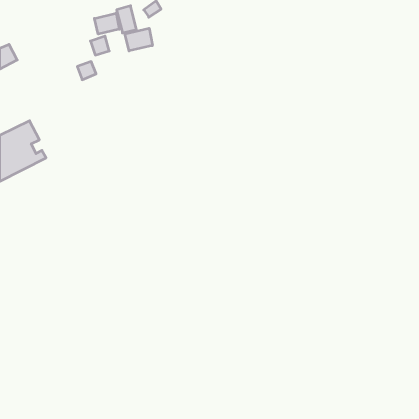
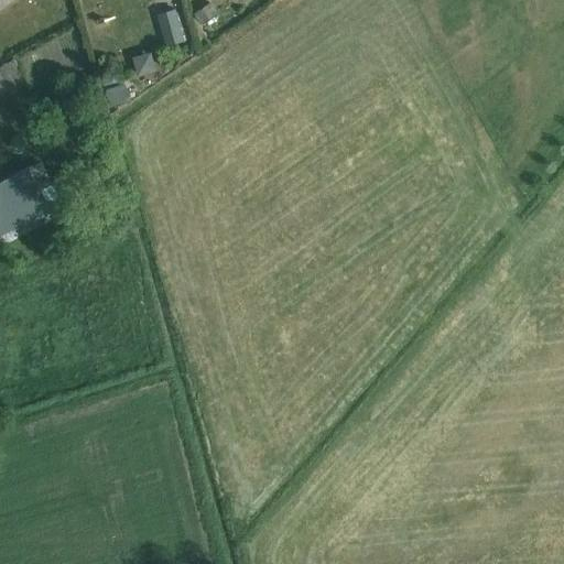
building: [94,13,119,34] -> none
building: [125,28,152,51] -> none

